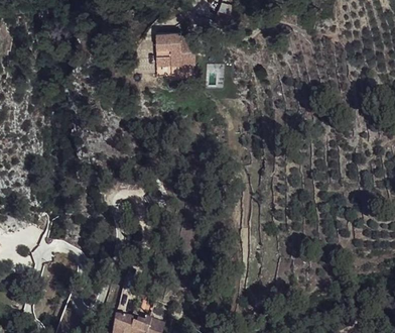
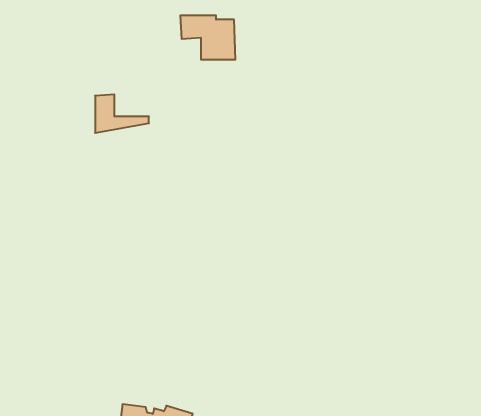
building: [156,46,195,75] -> [95,94,149,133]

